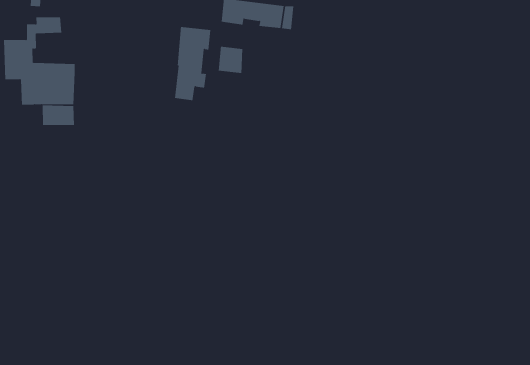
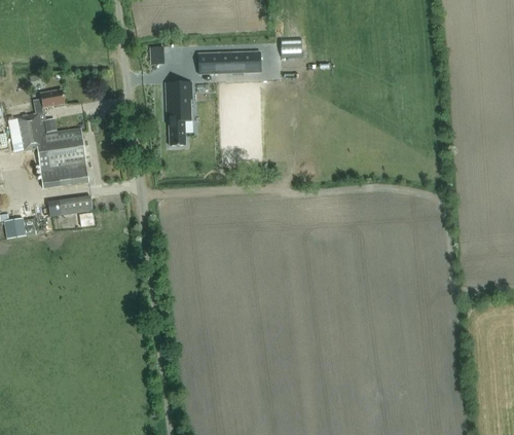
building: [218,46,243,74] -> none
building: none -> [57,194,97,221]

